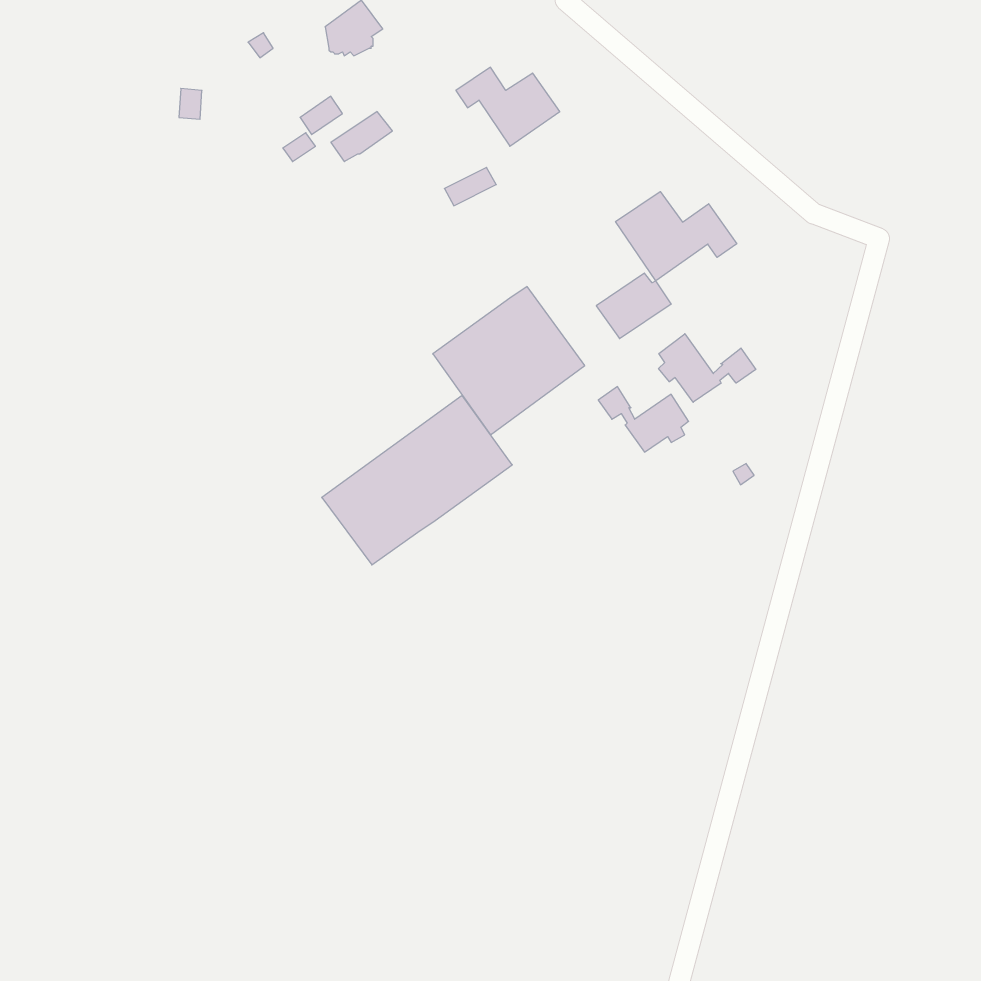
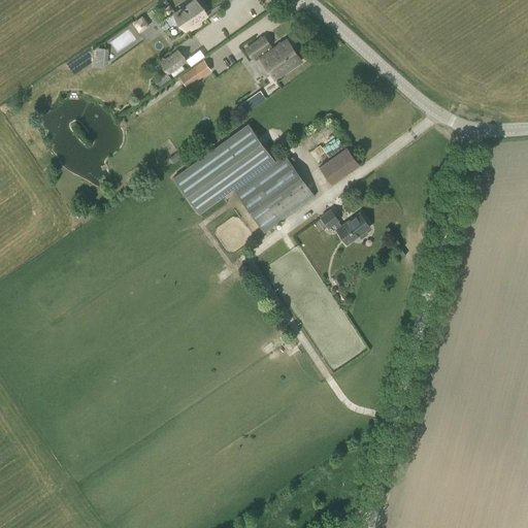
building: [616,192,737,281] -> none
building: [659,334,756,402] -> none
building: [322,396,512,565] -> [171,124,273,214]

